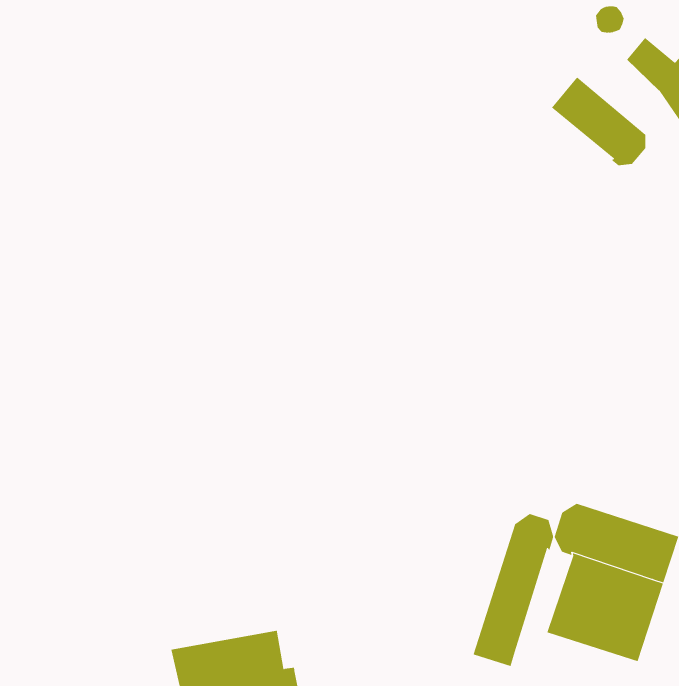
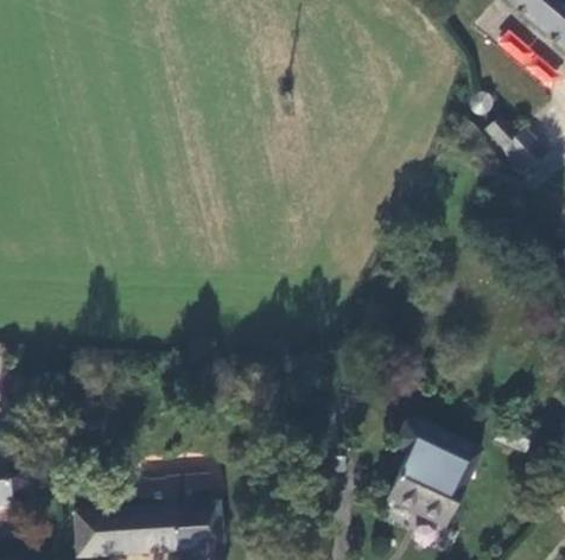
building: [551,76,646,166] -> none
building: [473,513,554,667] -> none

